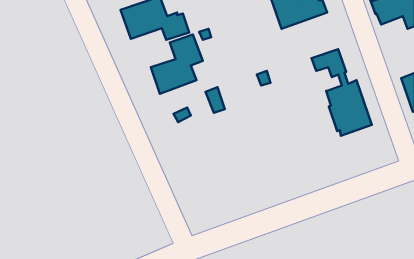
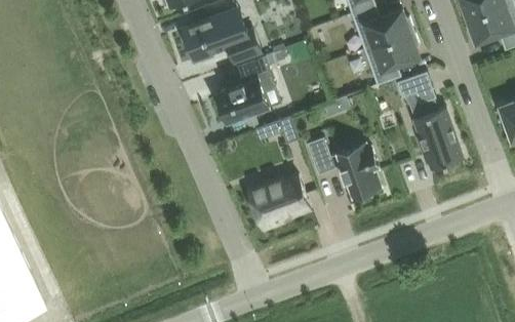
building: none -> [363,31,420,85]
building: none -> [307,136,382,198]
building: none -> [245,171,312,232]

